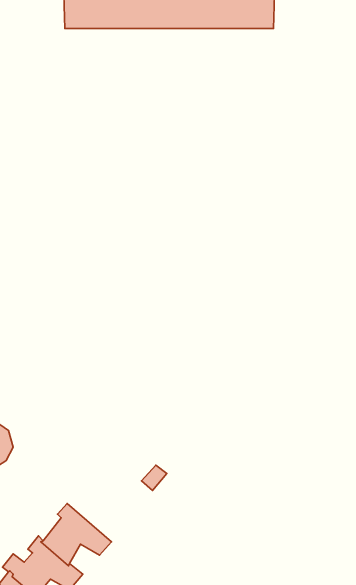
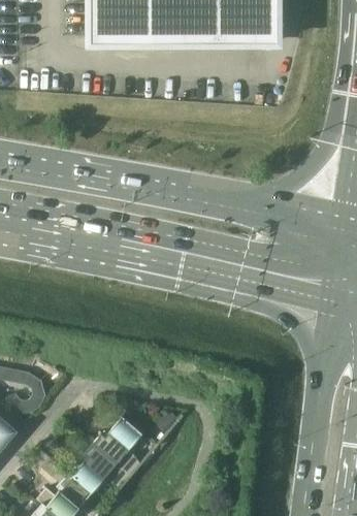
building: none -> [92,416,141,477]

